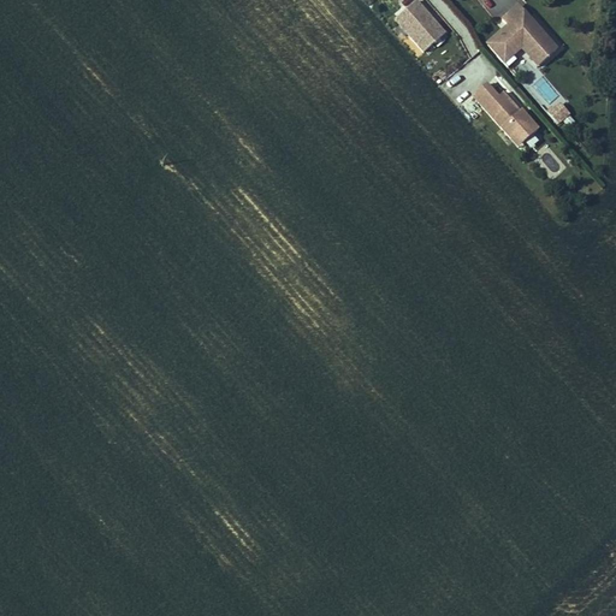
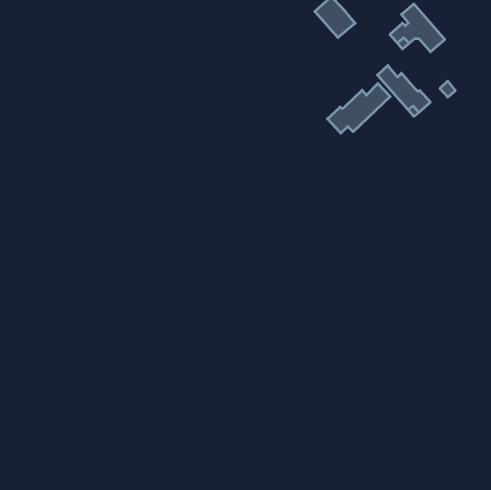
building: none -> [327,83,390,133]

